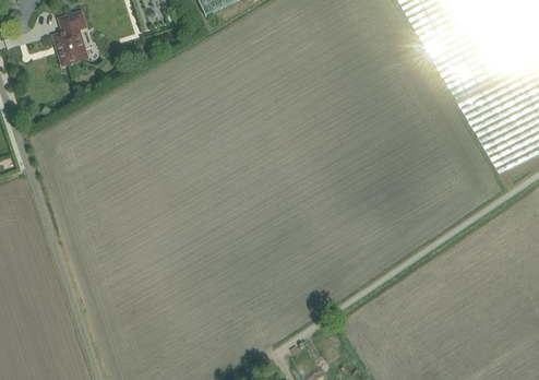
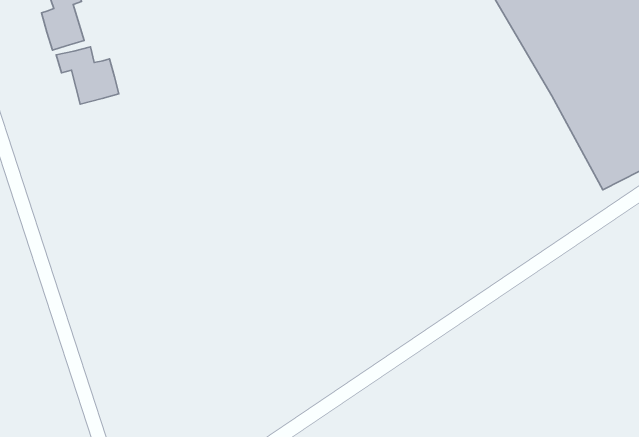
building: none -> [56,47,119,104]

